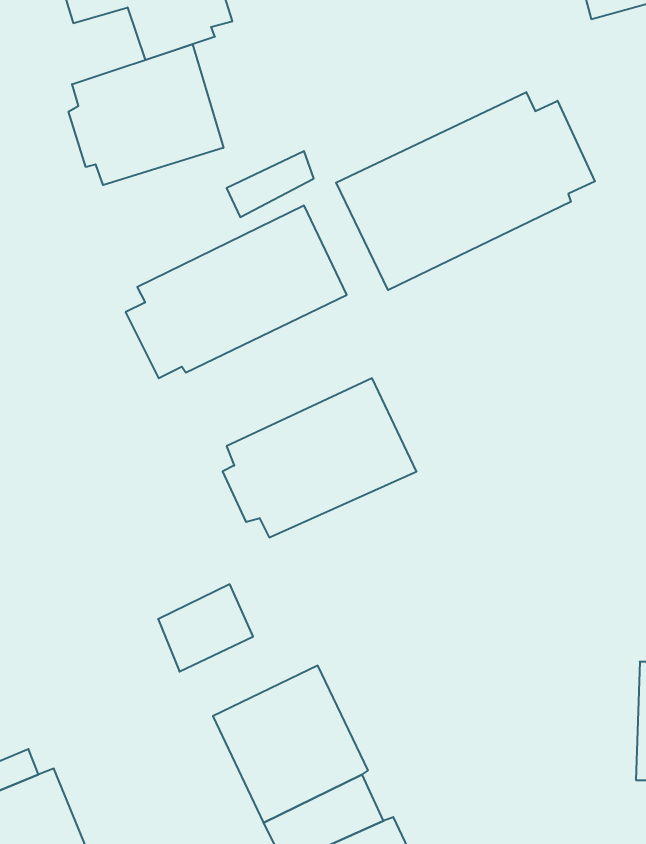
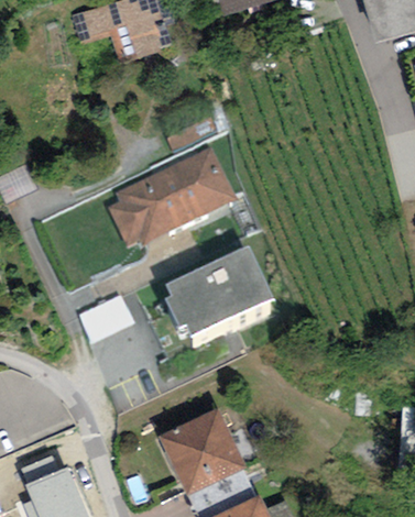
building: [69,44,223,185] -> none
building: [336,92,595,290] -> none
building: [158,584,253,672] -> [79,295,133,344]

